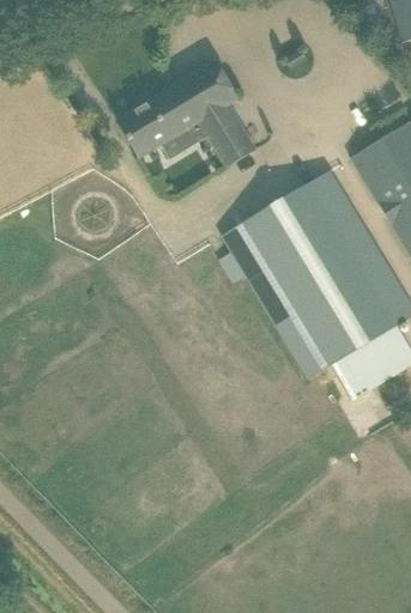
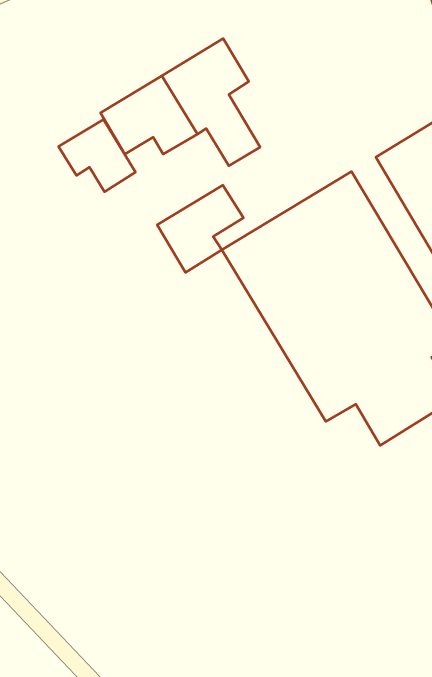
building: none -> [58,119,136,192]
building: none -> [157,185,244,272]

